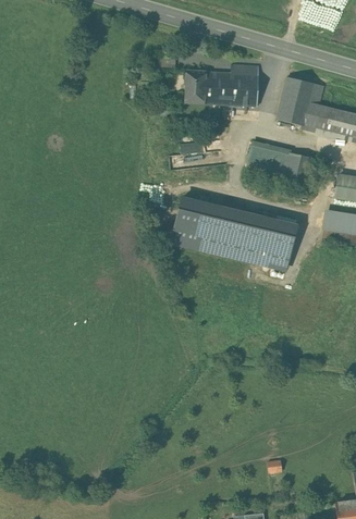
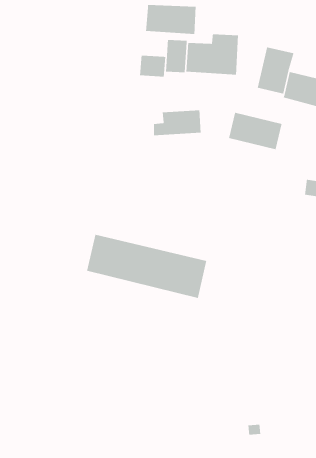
building: none -> [145,4,197,35]
building: none -> [139,55,166,78]
building: [171,203,294,270] -> [86,234,207,299]

